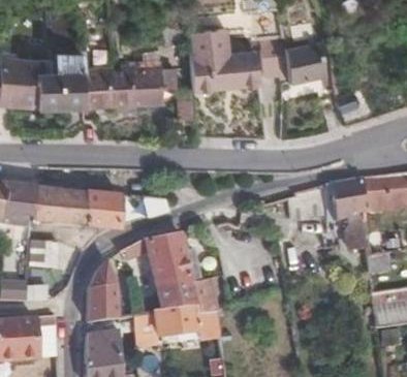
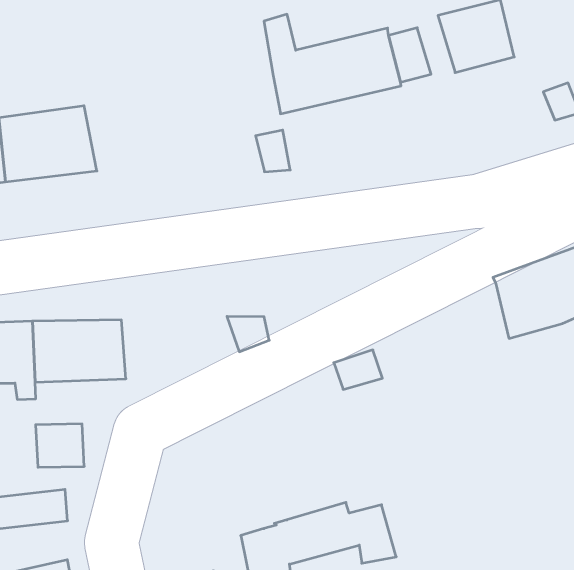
building: [84,67,159,105] -> none
building: [86,190,121,226] -> none
building: [149,234,218,315] -> none
building: [88,264,120,326] -> none

